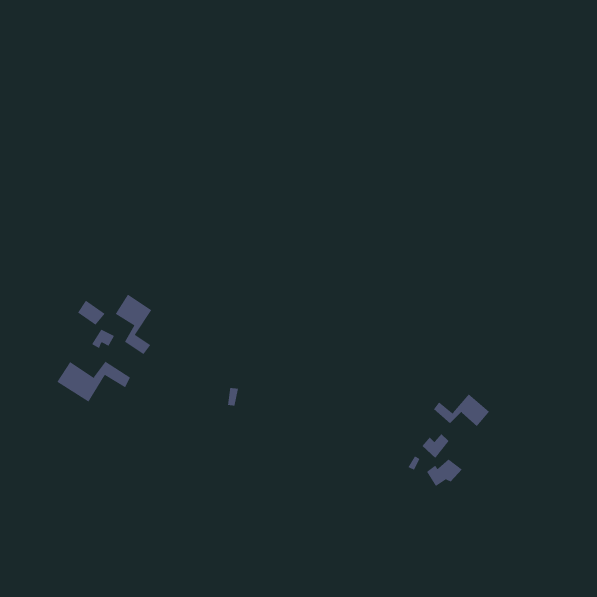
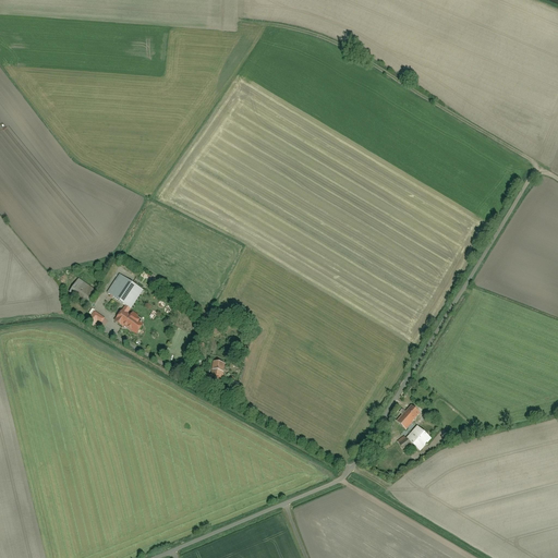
building: [57,361,131,402] -> none
building: [433,393,490,427] -> none

